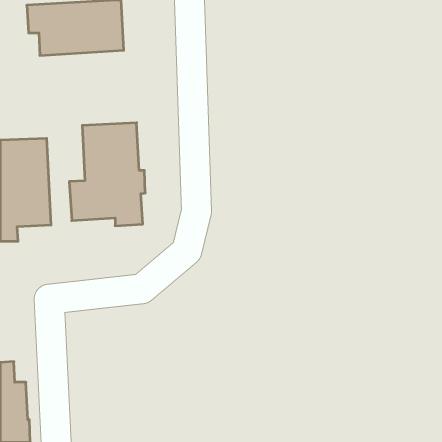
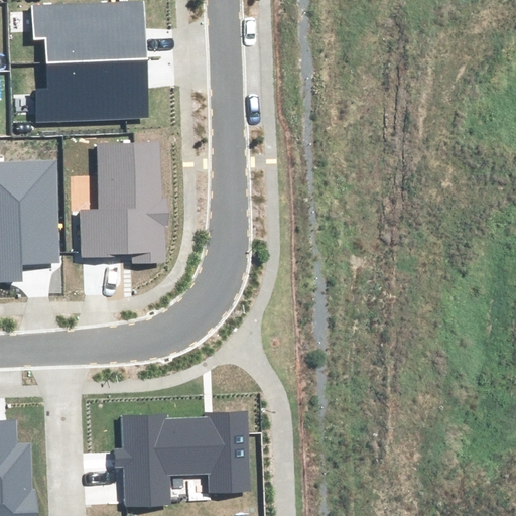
building: none -> [35,58,147,122]
building: none -> [121,410,250,505]

